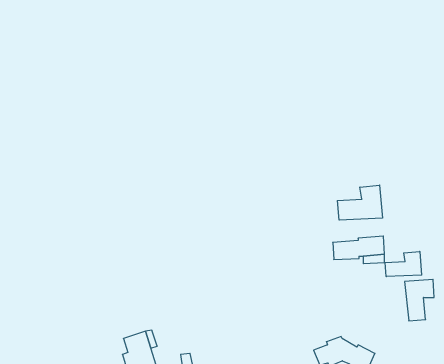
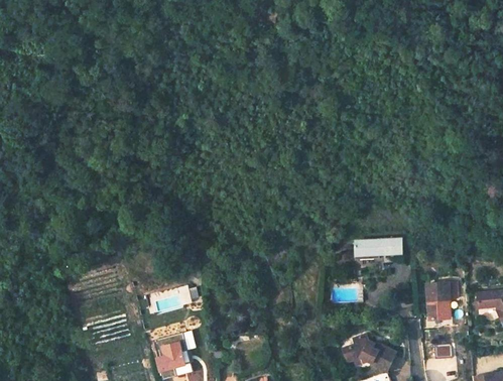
building: [337,185,382,220] -> none
building: [385,251,422,277] -> none

